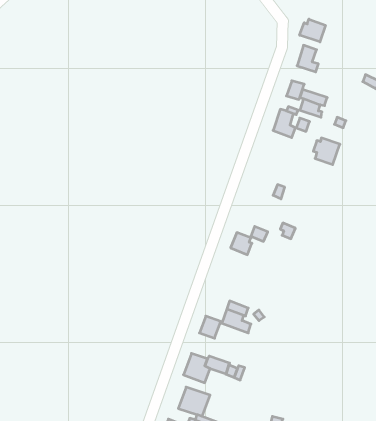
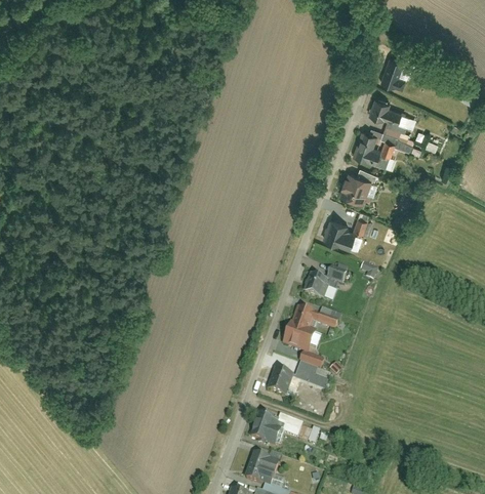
building: [300,19,325,42] -> none
building: [313,138,340,165] -> [340,172,371,203]
building: none -> [325,217,356,248]
building: none -> [283,306,338,351]

